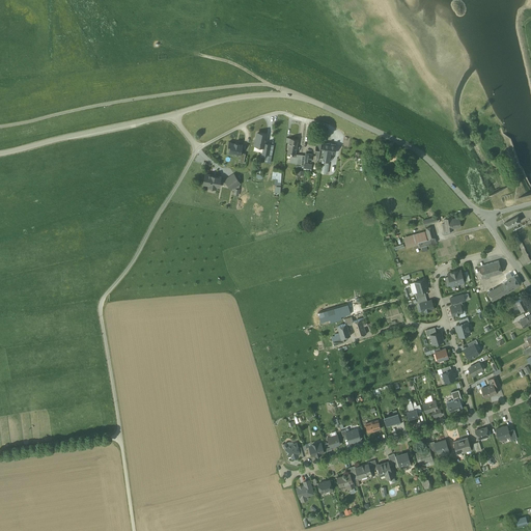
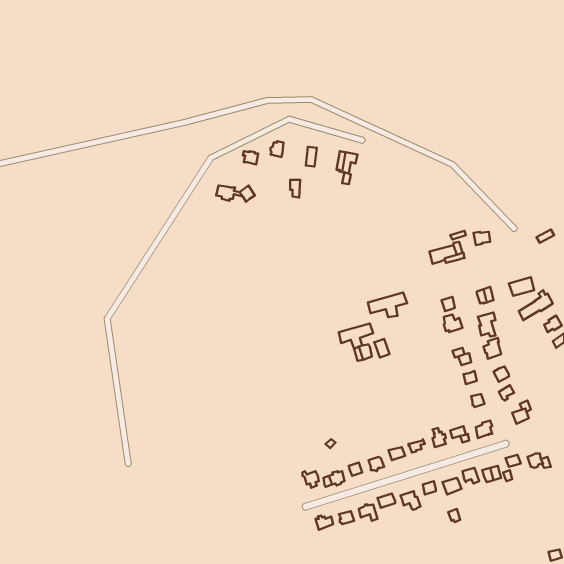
building: none -> [368,292,407,317]

